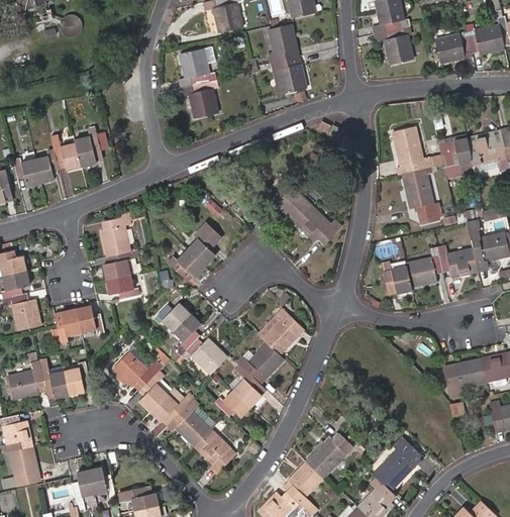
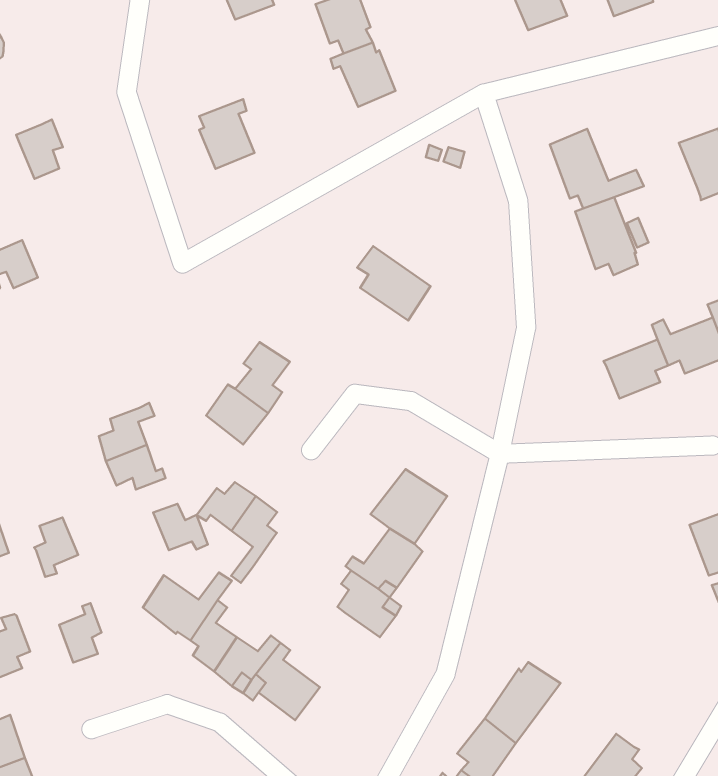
building: [178,49,216,86] -> none
building: [74,133,100,167] -> [16,119,63,179]
building: [440,138,475,180] -> none
building: [294,205,340,244] -> none
building: [101,217,129,256] -> none
building: [384,266,411,294] -> none
building: [75,306,104,334] -> [153,504,208,550]
building: [182,337,227,375] -> none
building: [39,360,69,399] -> none
building: [214,389,250,416] -> none
building: [194,430,235,475] -> none
building: [372,443,415,492] -> none

